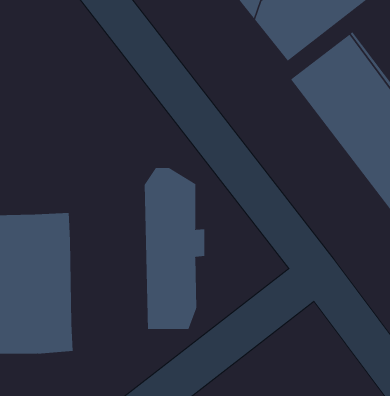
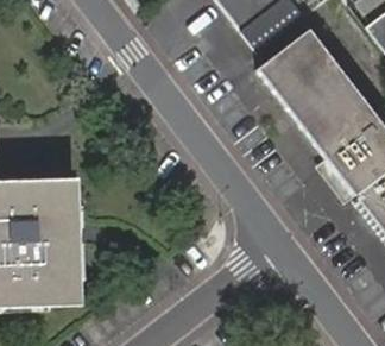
building: [144,167,205,330] -> none

